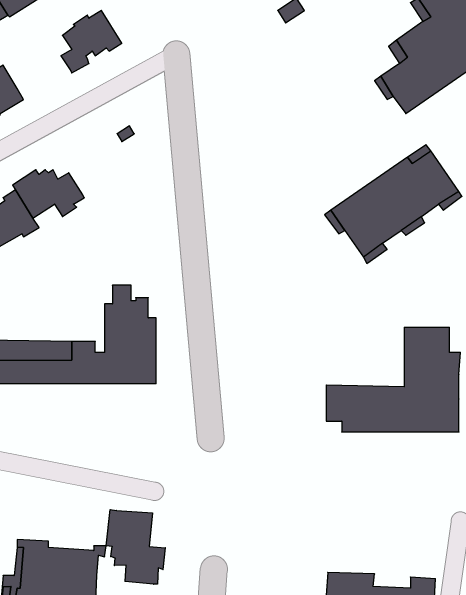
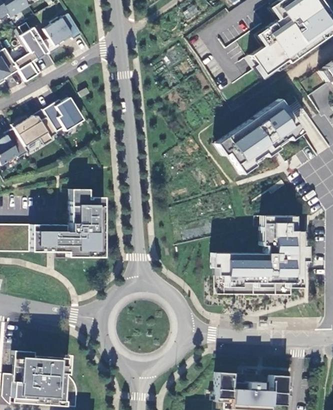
building: none -> [16,27,50,80]
building: none -> [45,96,85,130]
building: [106,510,165,584] -> none

